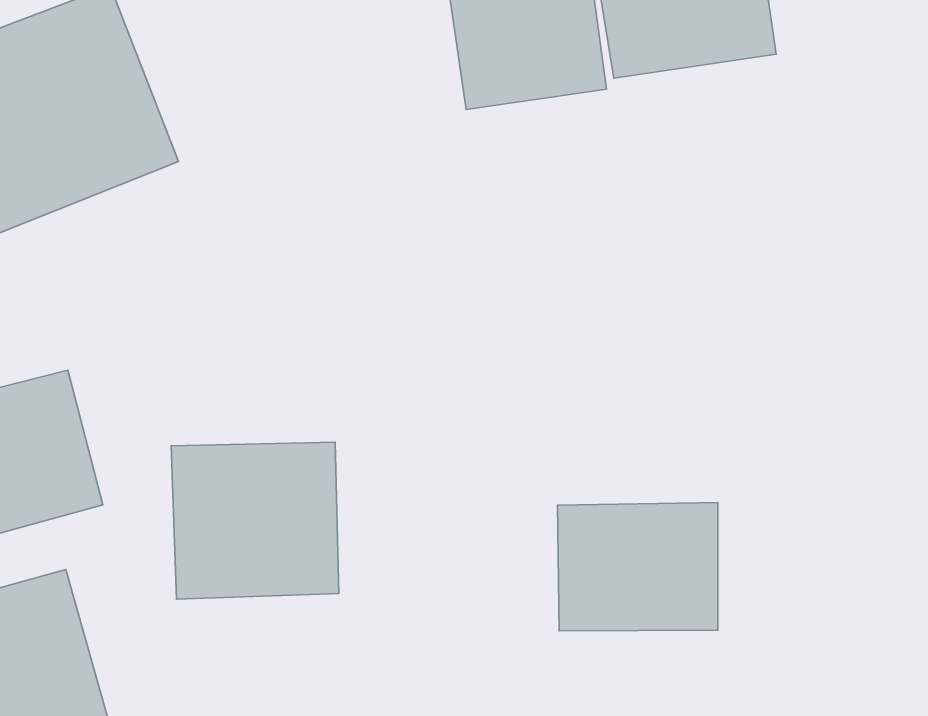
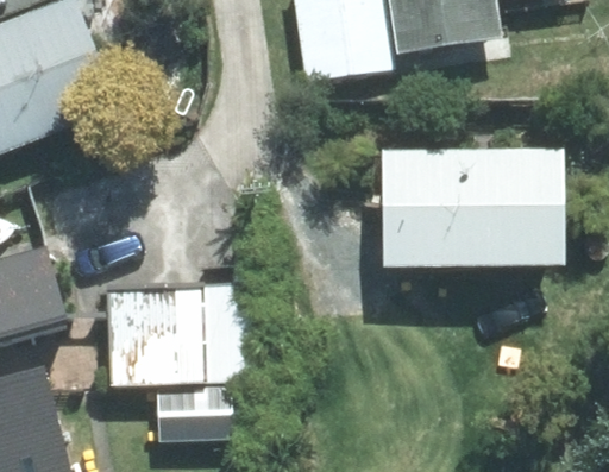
building: none -> [383,146,566,269]
building: [557,503,718,631] -> none

